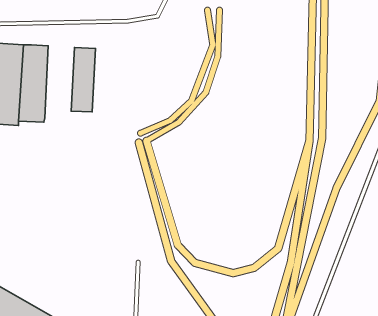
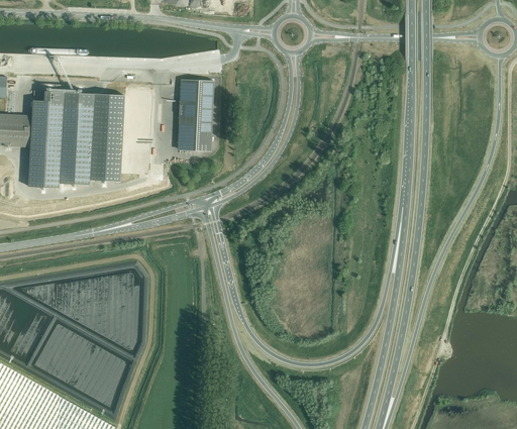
building: none -> [176,79,212,150]
building: none -> [88,93,123,181]

